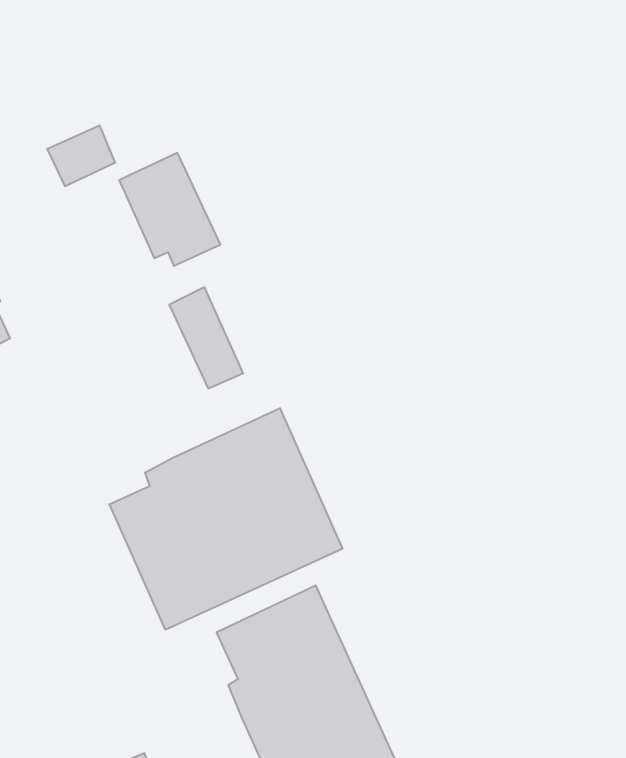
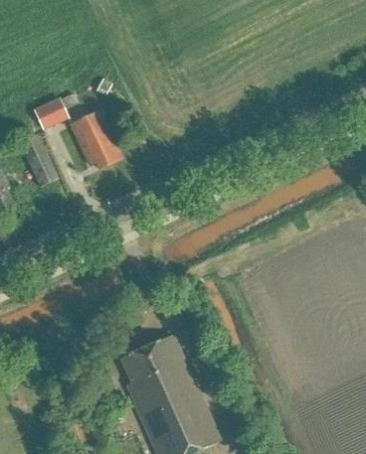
building: [169,287,243,389] -> [19,132,57,184]
building: [109,408,343,630] -> none

